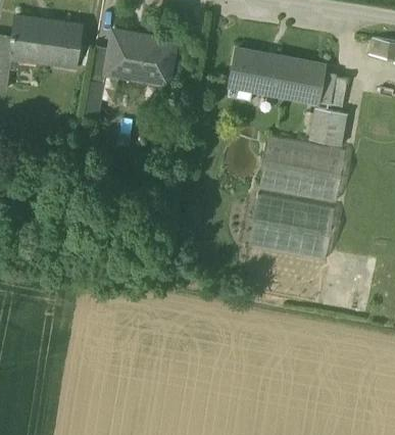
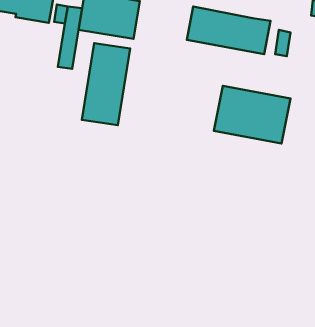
building: none -> [82,43,130,125]
building: [311,110,346,147] -> none
building: [249,195,336,260] -> none

